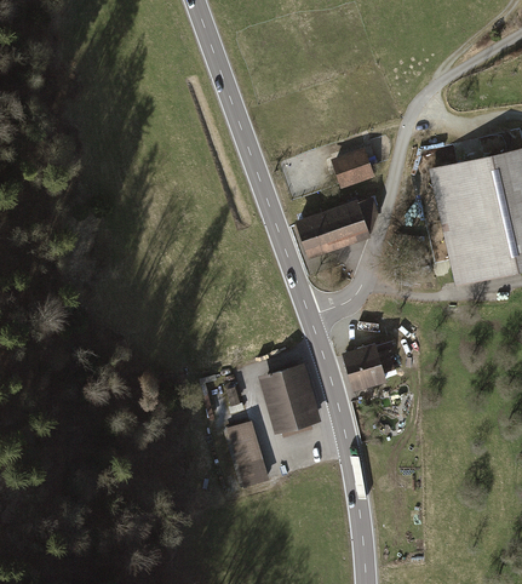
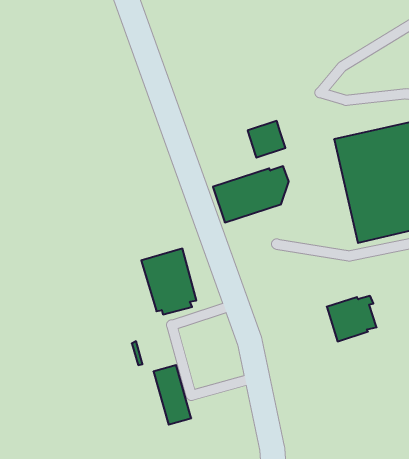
building: [342,342,397,393] -> [327,296,377,341]
building: [258,363,320,437] -> [141,249,196,314]

